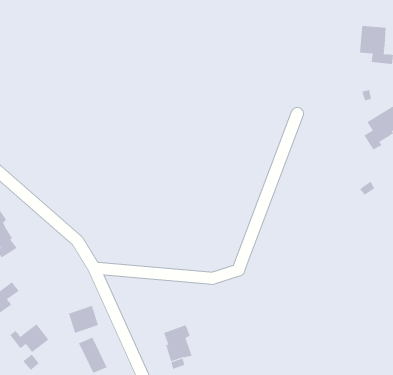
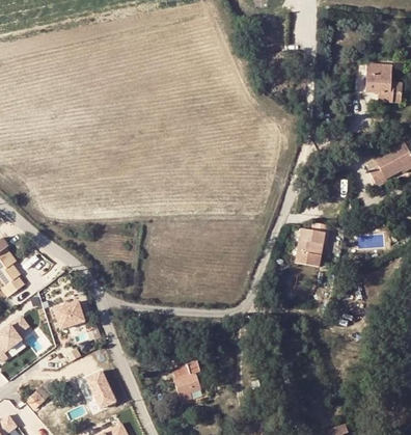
building: none -> [297,223,331,268]
building: [68,305,99,334] -> [55,301,85,329]
building: [9,323,49,353] -> none

